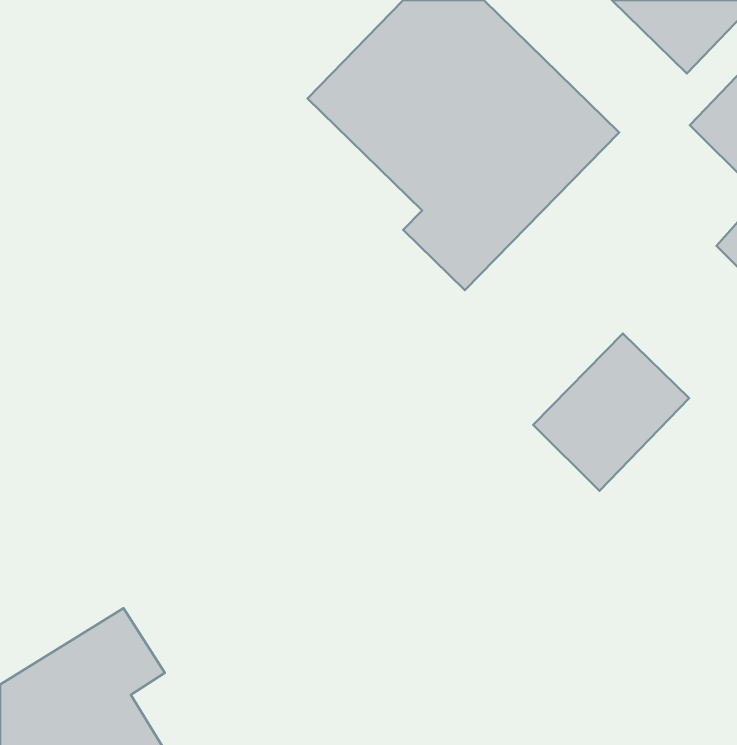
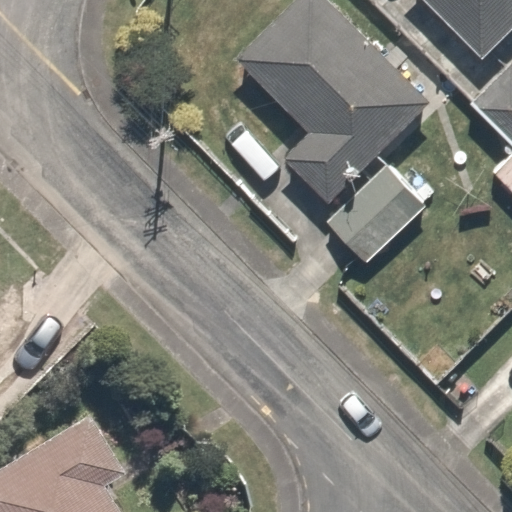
building: [533,333,689,491] -> [328,160,434,267]

